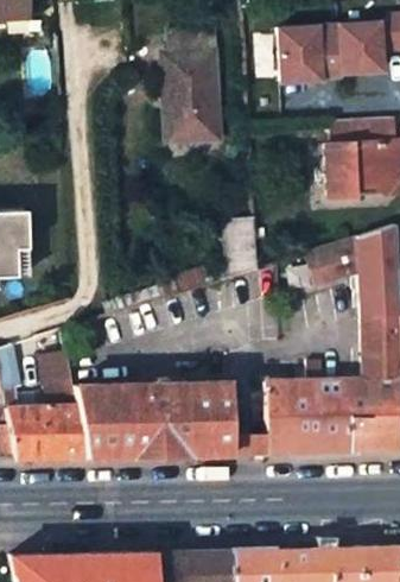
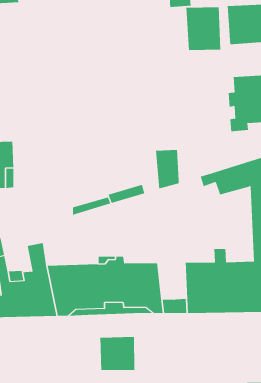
building: [164,32,220,141] -> none
building: none -> [100,336,135,371]

